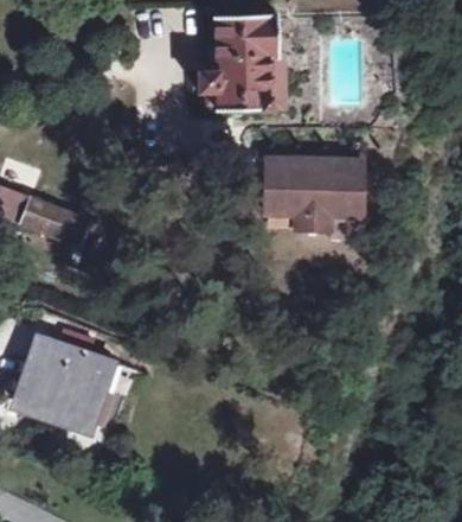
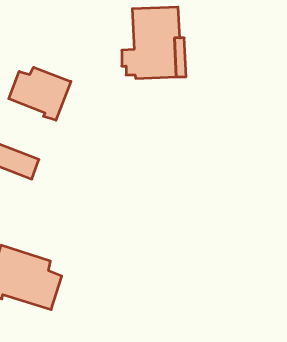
building: none -> [9,67,71,120]
building: [263,153,361,225] -> none

